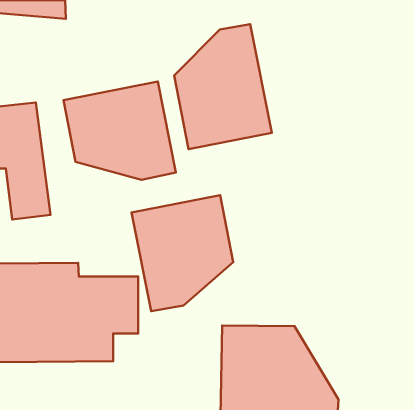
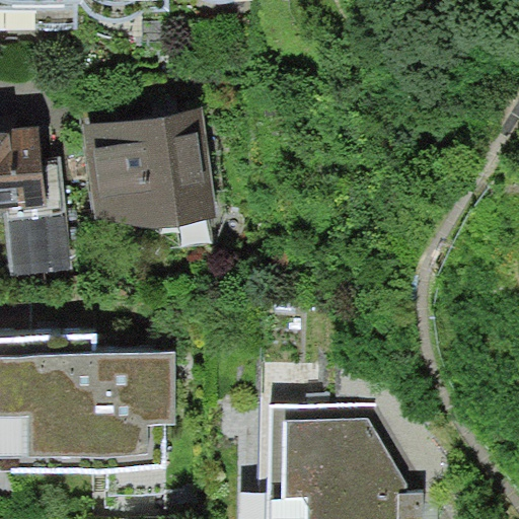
building: [174,24,272,149] -> none
building: [132,195,233,311] -> none

